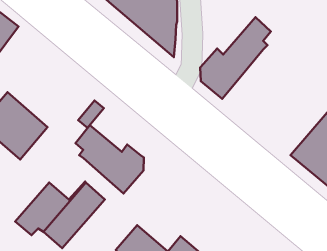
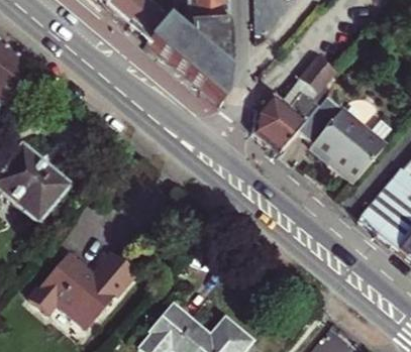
building: none -> [299,93,387,179]
building: [76,125,144,194] -> none

